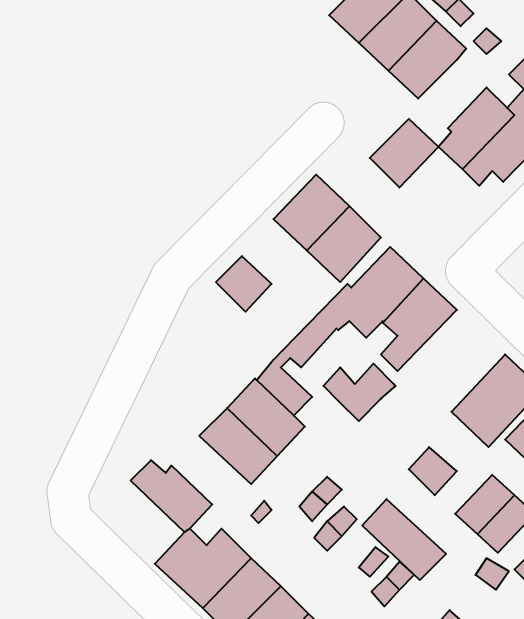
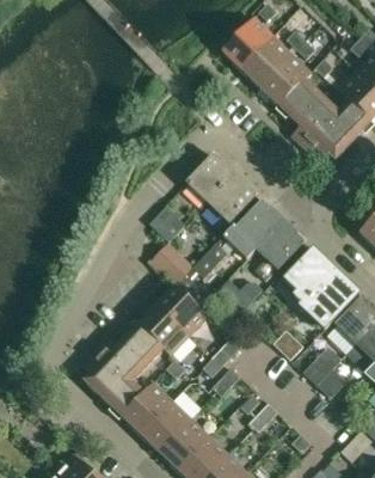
building: [370,119,438,188] -> [279,79,324,123]
building: none -> [153,244,192,283]
building: none -> [284,247,336,306]
building: none -> [121,321,172,366]
building: none -> [82,350,129,404]
building: [362,499,446,580] -> none

